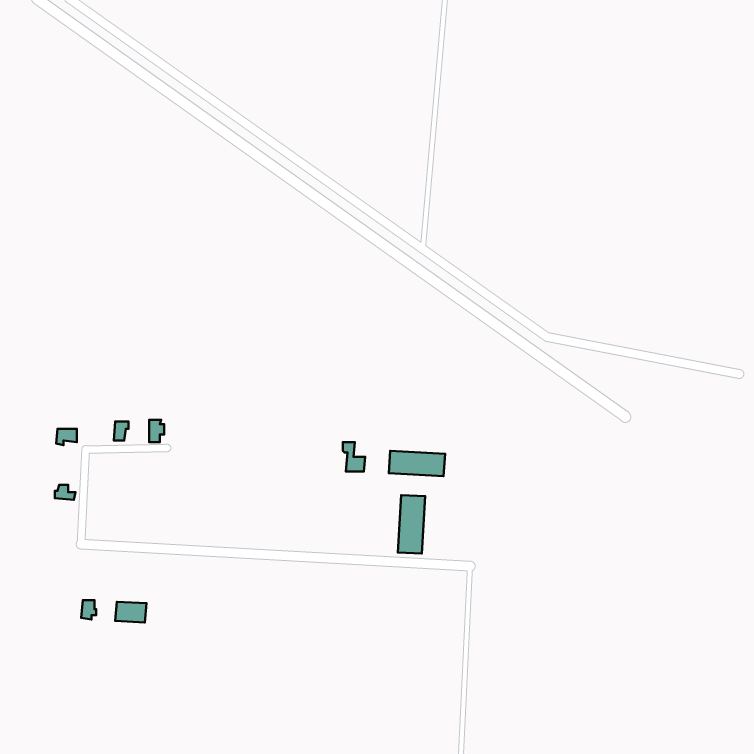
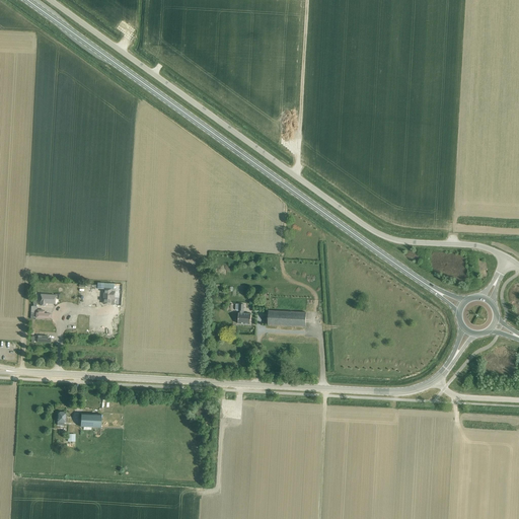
building: [398,495,425,554] -> none

